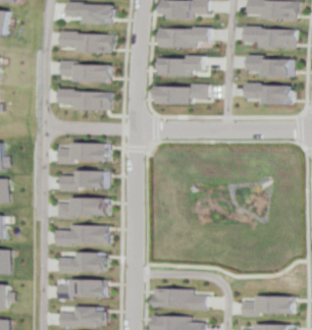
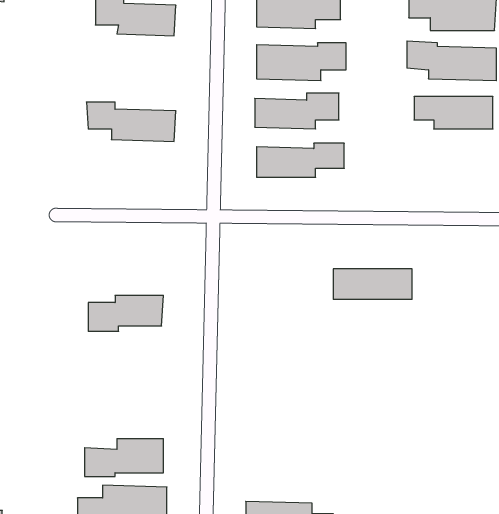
building: [65,31,114,53] -> none
building: [250,85,295,102] -> [333,269,412,299]
building: [64,88,115,110] -> none
building: [62,143,113,163] -> none
building: [59,197,112,218] -> none
building: [58,224,112,245] -> none

